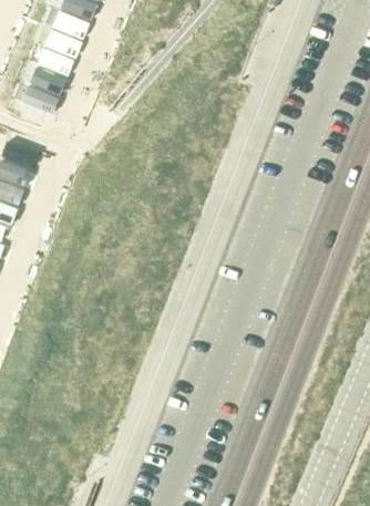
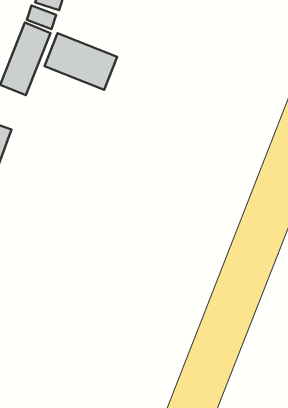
building: none -> [45,33,117,90]

